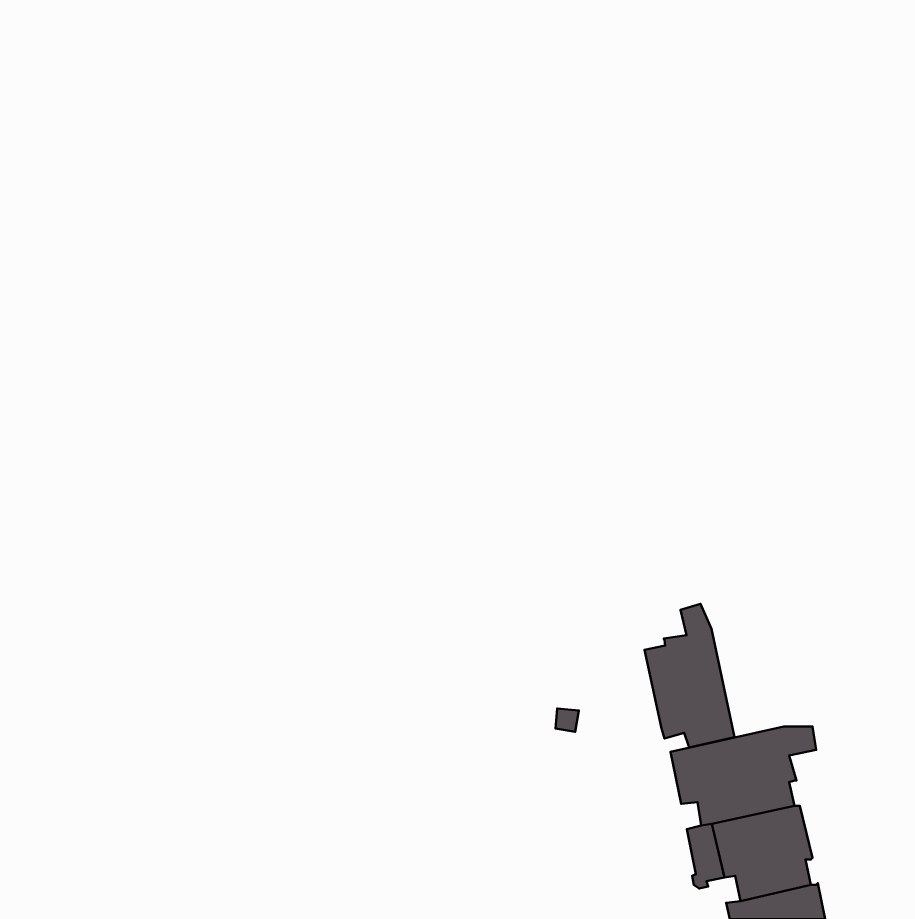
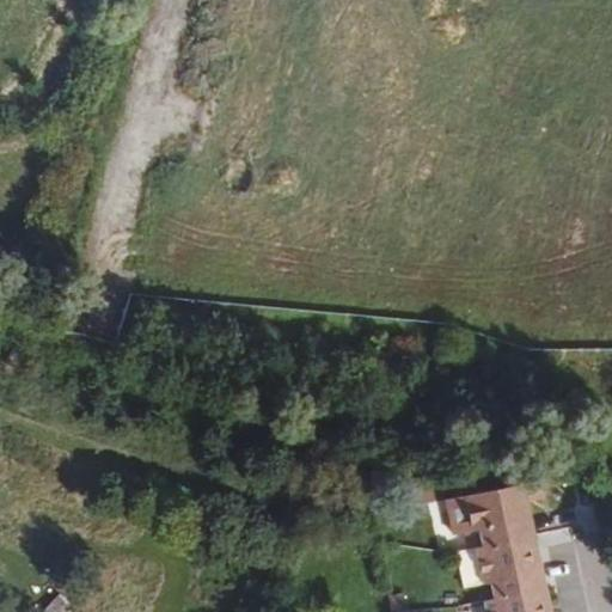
building: [645,604,735,748] -> none

